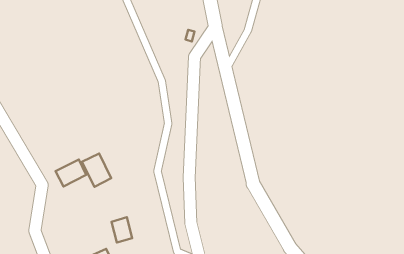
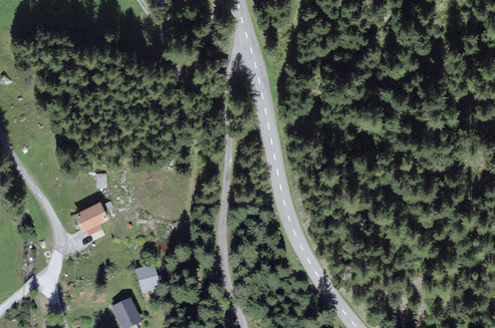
building: [82,154,111,187] -> none

